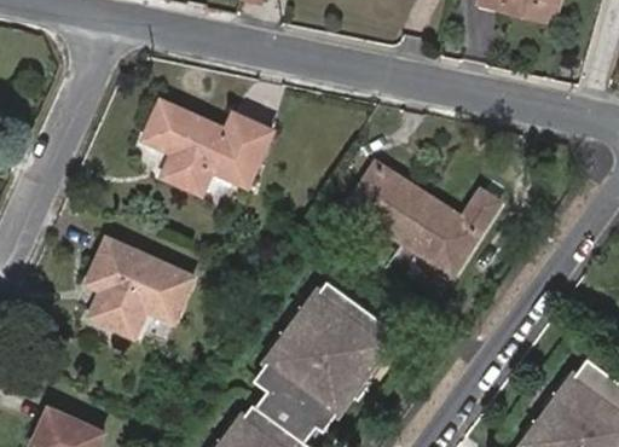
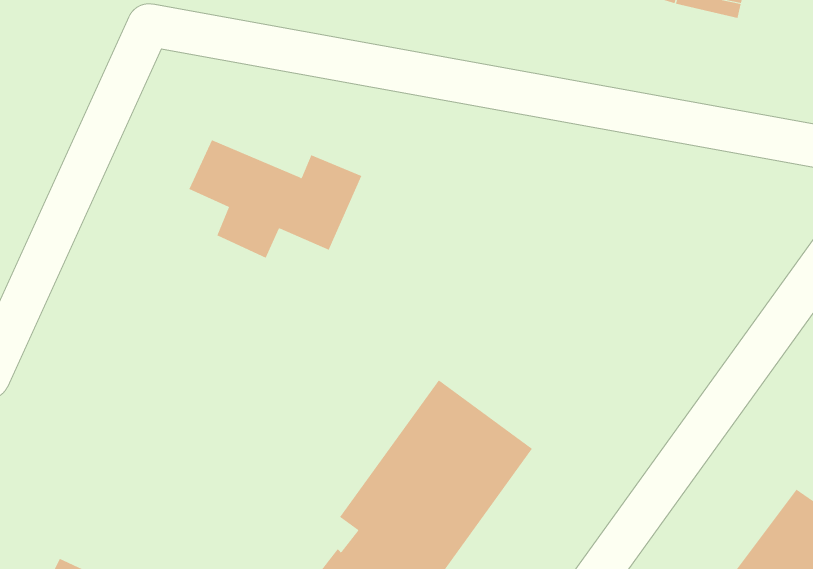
building: [351,162,499,274] -> none
building: [88,239,191,335] -> none

